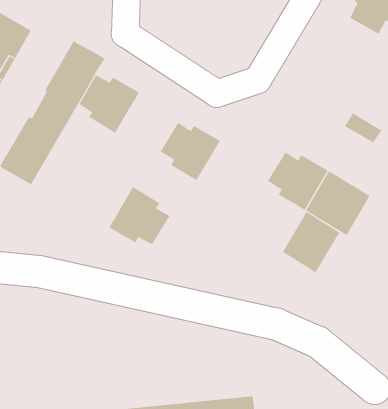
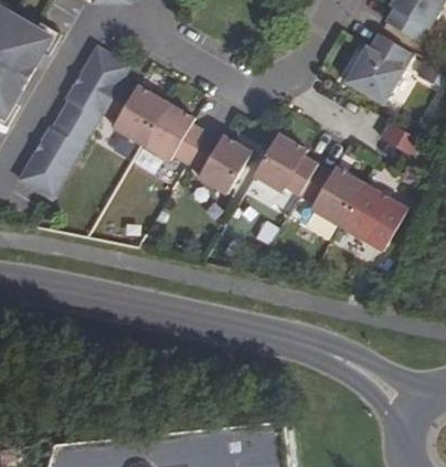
building: none -> [346,35,408,105]
building: none -> [253,135,318,195]
building: [108,186,171,245] -> [140,103,205,164]
building: [282,211,340,273] -> none

